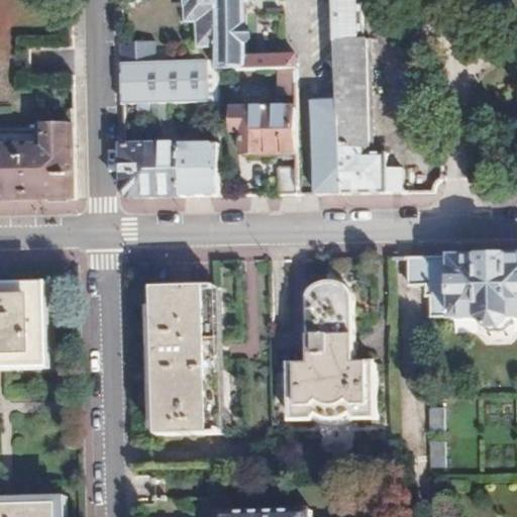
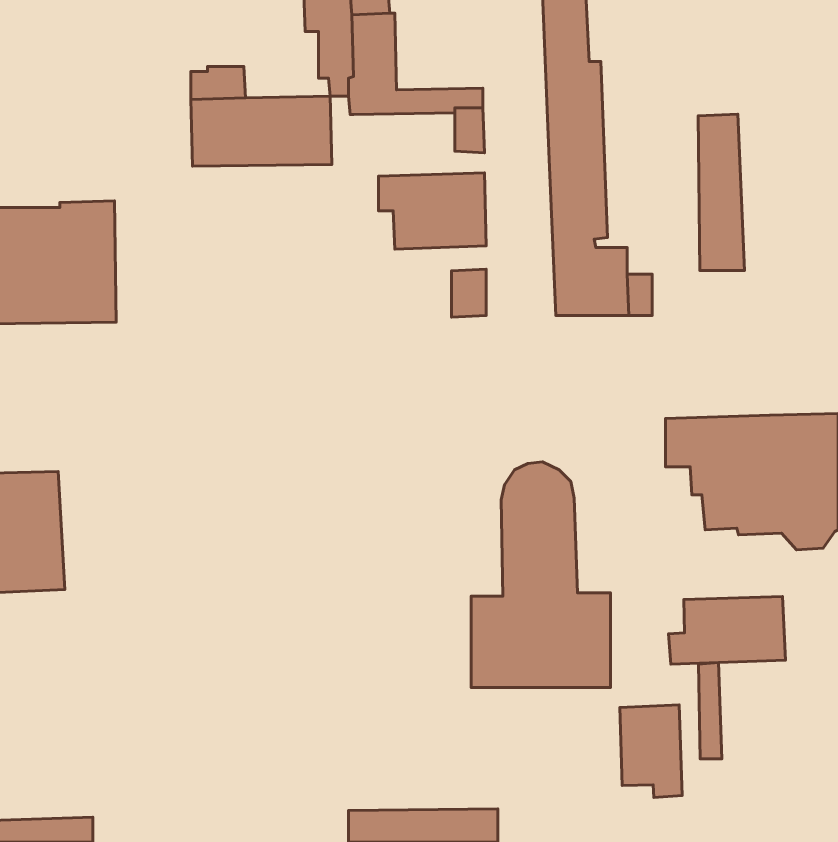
building: [310,97,338,192] -> [698,114,745,270]
building: [118,142,218,194] -> none
building: [151,284,216,432] -> none
building: none -> [669,596,785,664]
building: none -> [620,705,682,797]

